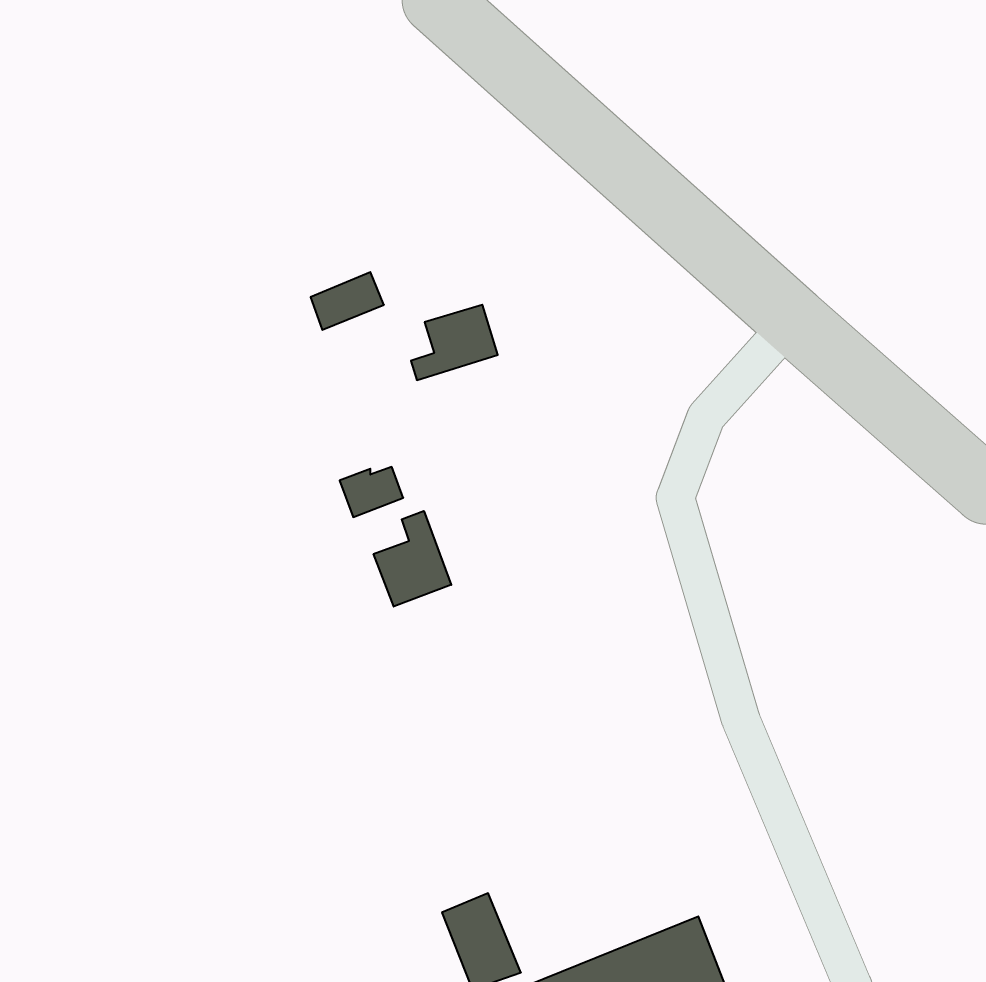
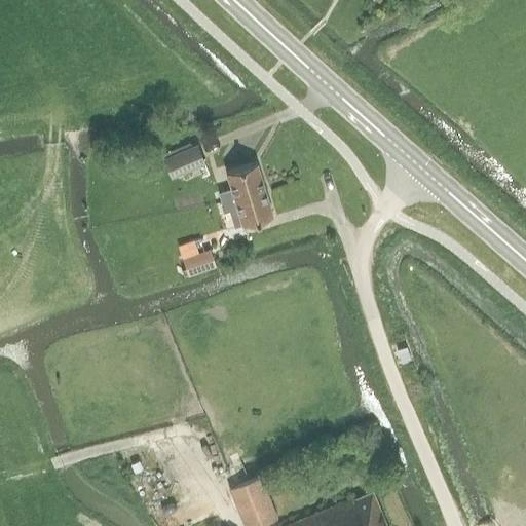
building: none -> [222,191,273,226]
building: [374,511,451,607] -> none

